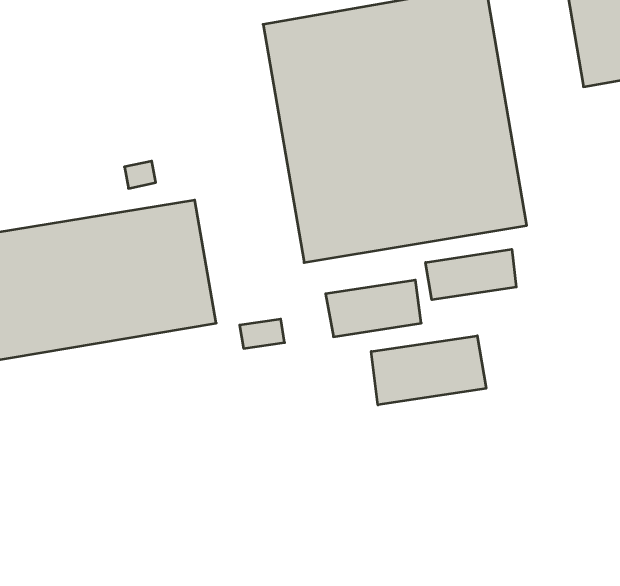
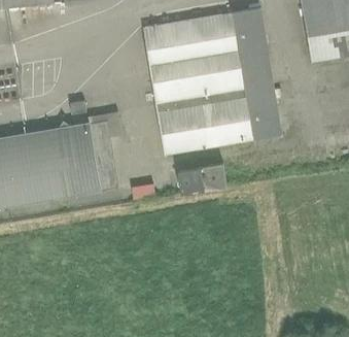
building: [426,249,516,300] -> none
building: [371,336,486,405] -> none

